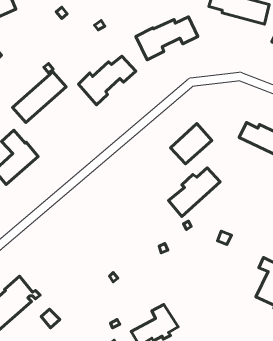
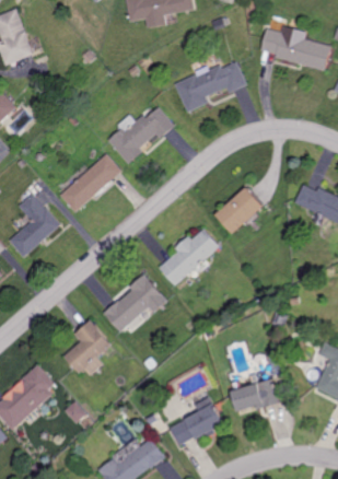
building: [13,72,66,122] -> [59,153,121,212]
building: [169,168,220,217] -> [159,229,219,285]
building: none -> [103,274,166,331]
building: none -> [63,319,110,376]
building: none -> [230,379,278,411]

